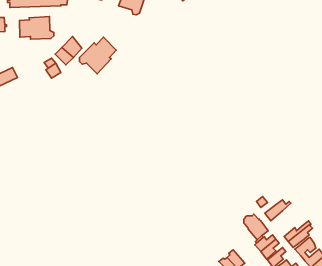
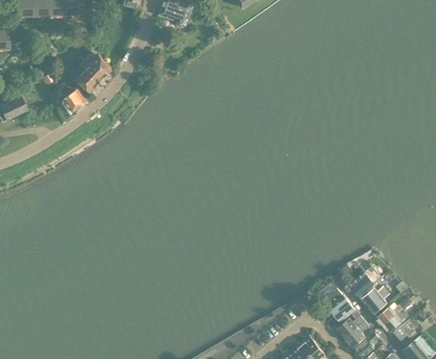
building: [19,17,54,39] -> none
building: [80,37,116,74] -> none
building: none -> [359,283,391,313]

